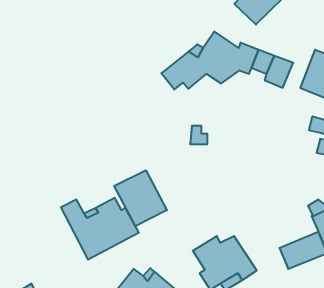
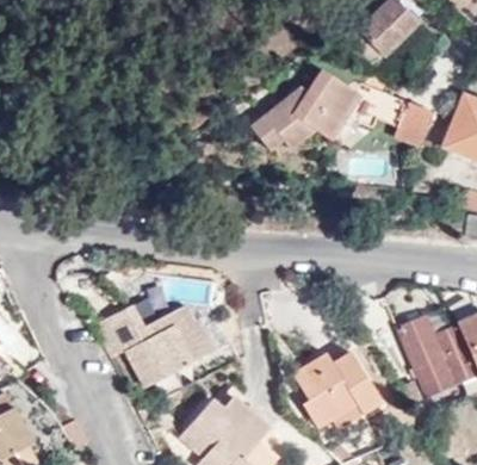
building: [114,170,167,226] -> none
building: none -> [397,317,467,368]

